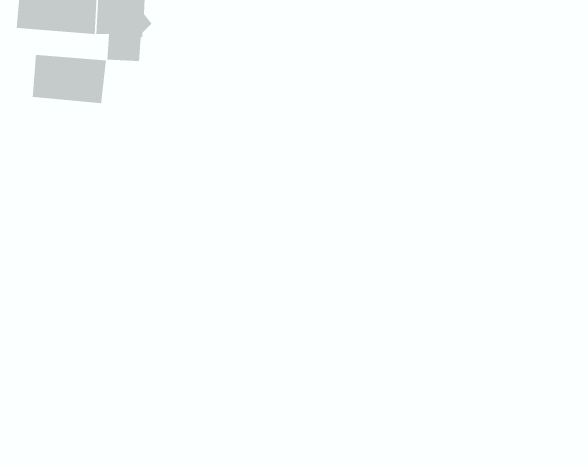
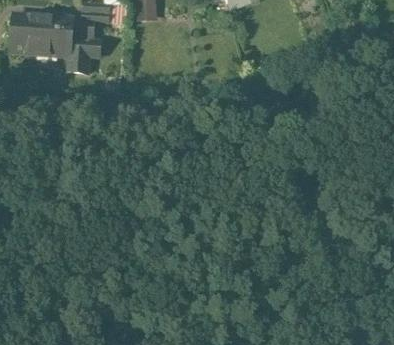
building: [32,54,107,104] -> none

